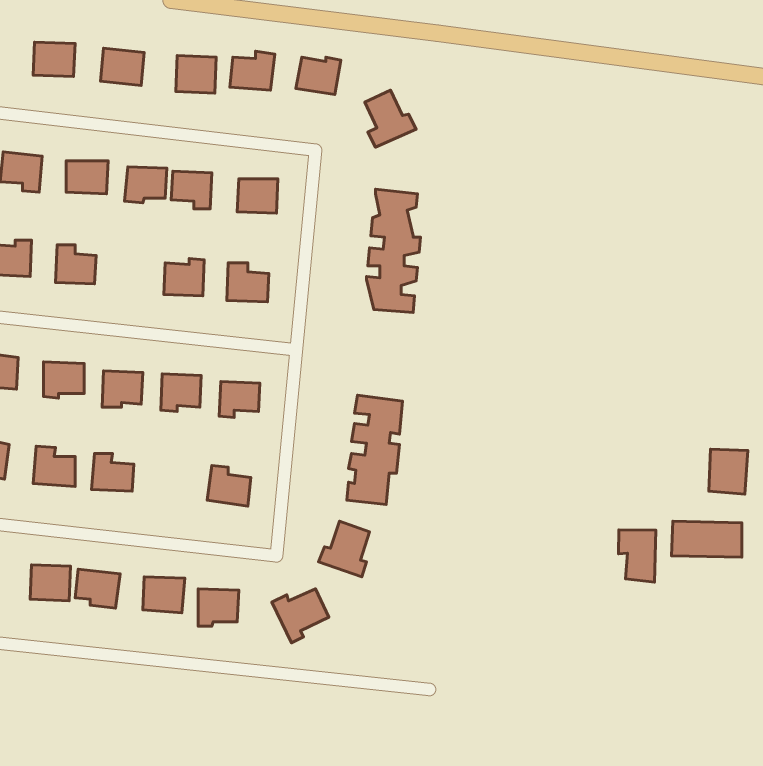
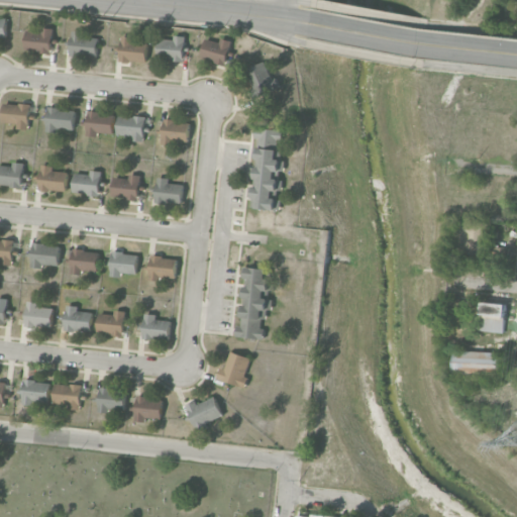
building: none -> [71,171,98,195]
building: none -> [95,311,123,335]
building: [618,530,656,582] -> none

